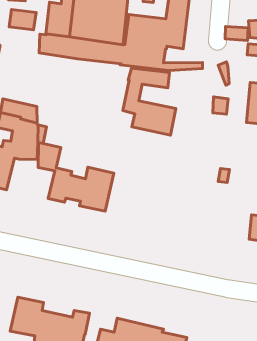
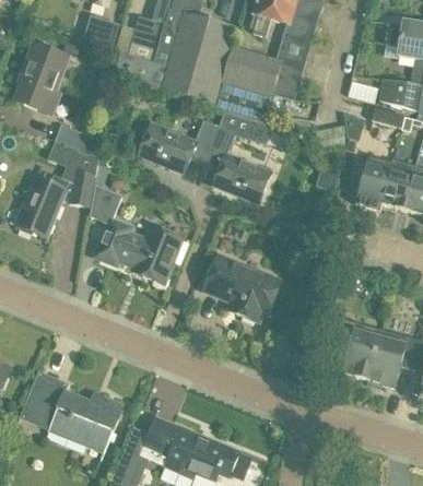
building: none -> [139,120,220,173]
building: none -> [203,254,280,322]

